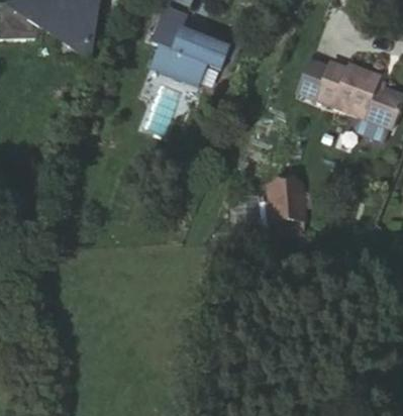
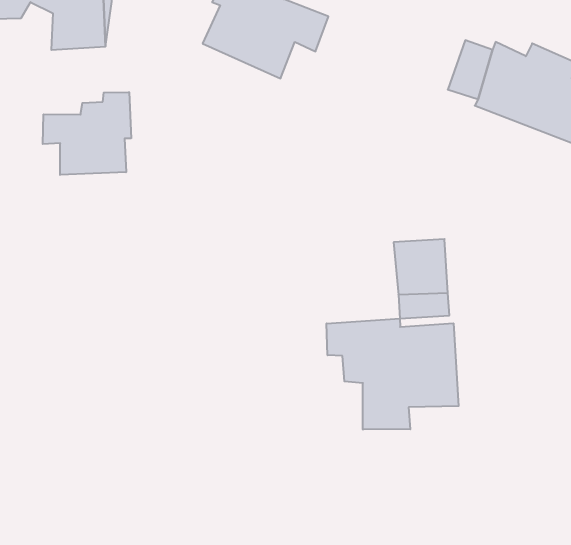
building: none -> [43,92,131,175]
building: none -> [327,319,459,430]

